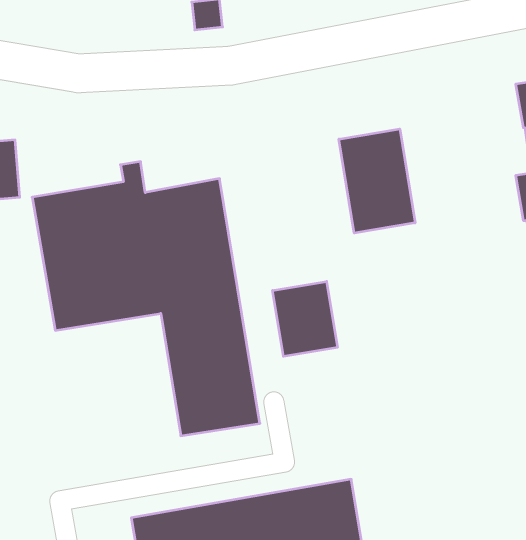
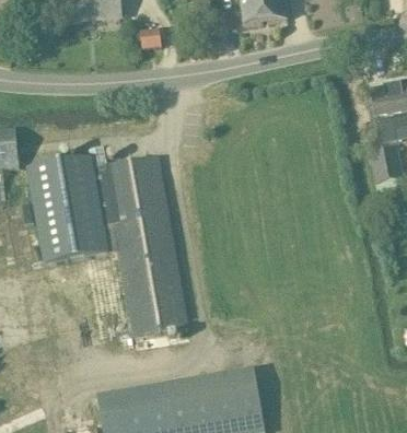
building: [339,129,415,233] -> none
building: [273,281,337,356] -> none

